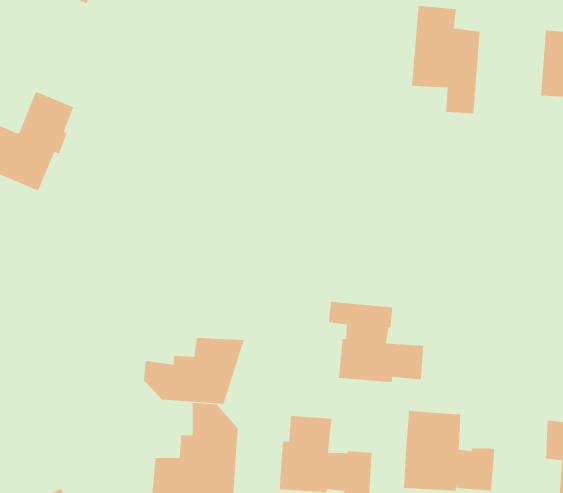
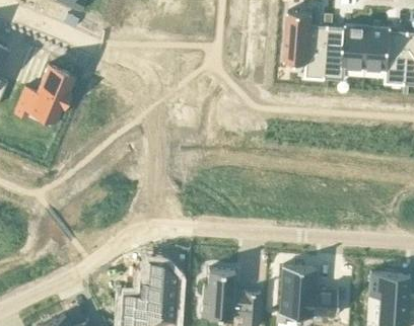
building: none -> [325,25,369,80]
building: [329,301,424,383] -> none
building: [143,337,244,405] -> none

